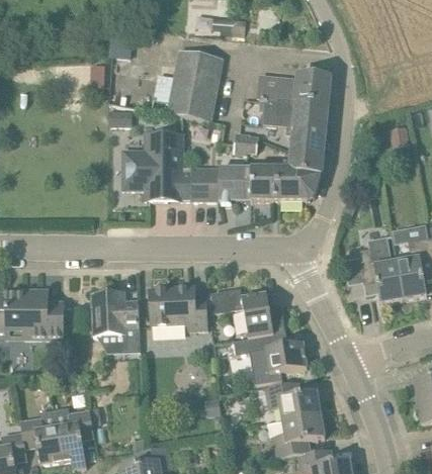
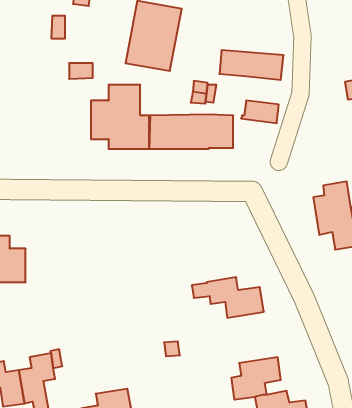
building: [256,73,329,104] -> none
building: [284,125,324,155] -> none
building: [275,166,320,200] -> none
building: [149,285,207,328] -> none
building: [212,286,284,337] -> none
building: [91,290,139,350] -> none
building: [264,380,321,419] -> none

